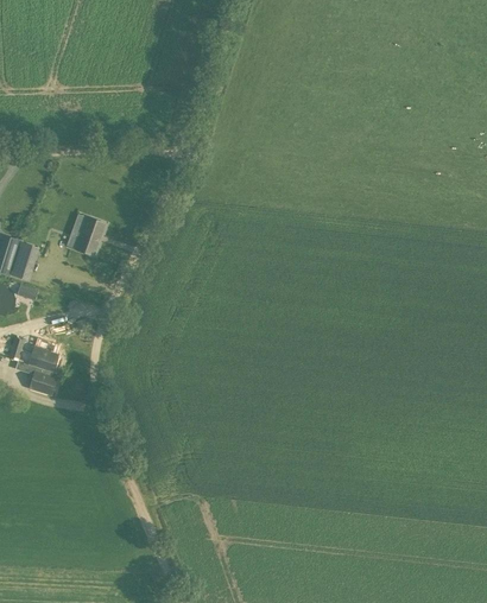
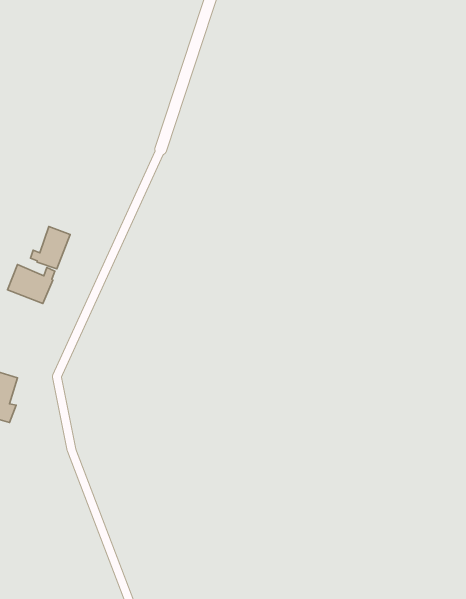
building: none -> [7,264,55,304]

